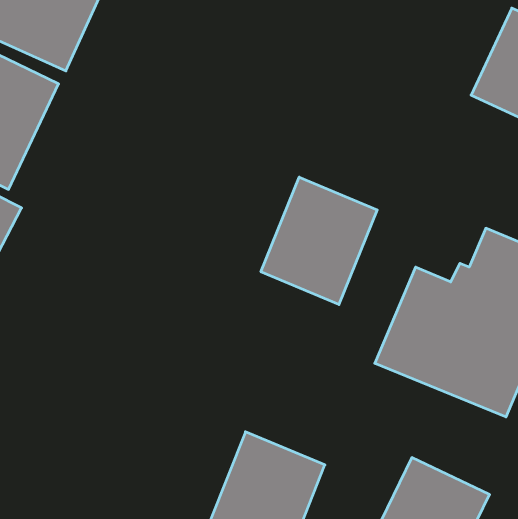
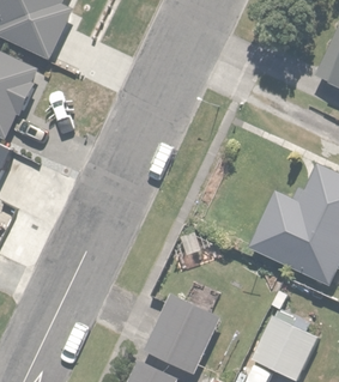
building: [261,177,377,305] -> none

